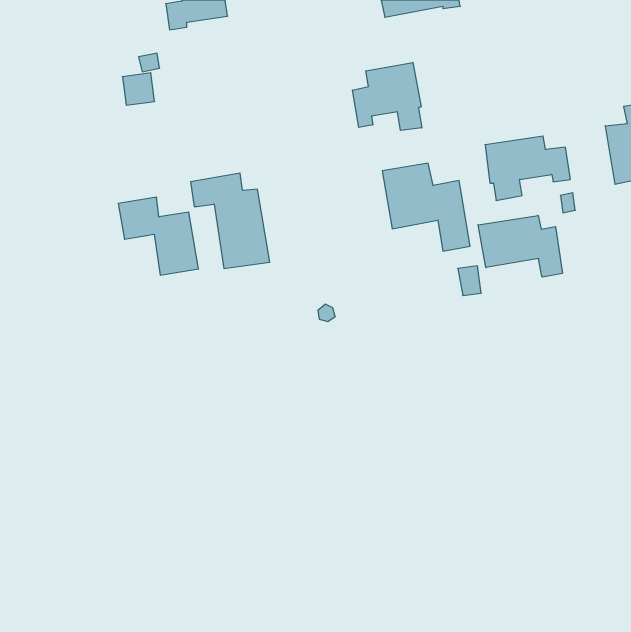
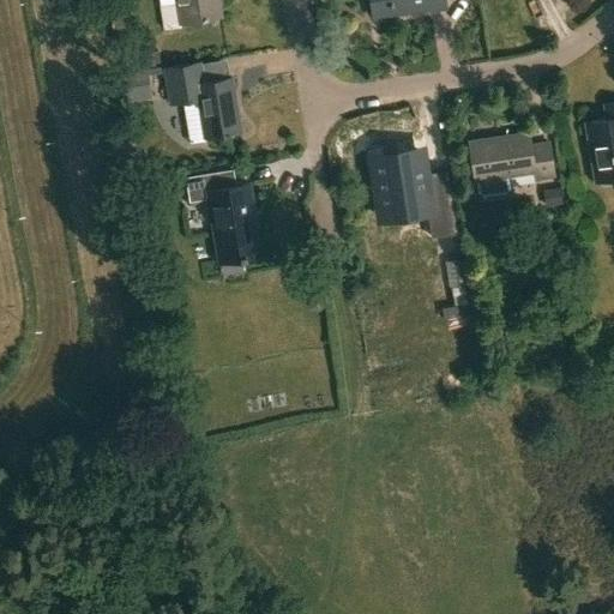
building: [353,62,422,130] -> none
building: [118,197,199,275] -> [164,61,242,137]
building: [478,215,562,277] -> none

